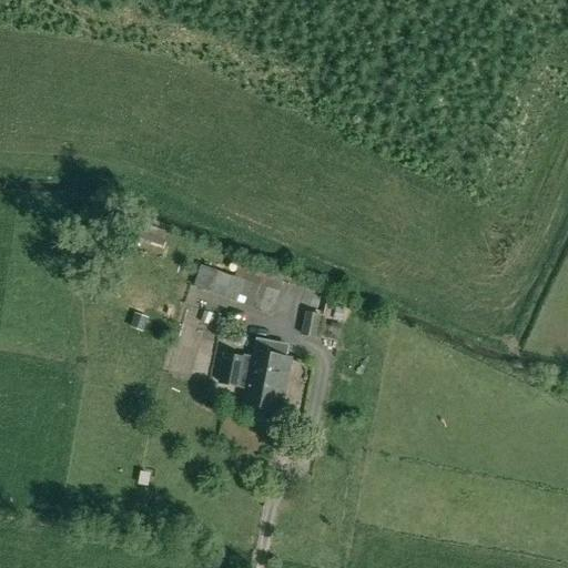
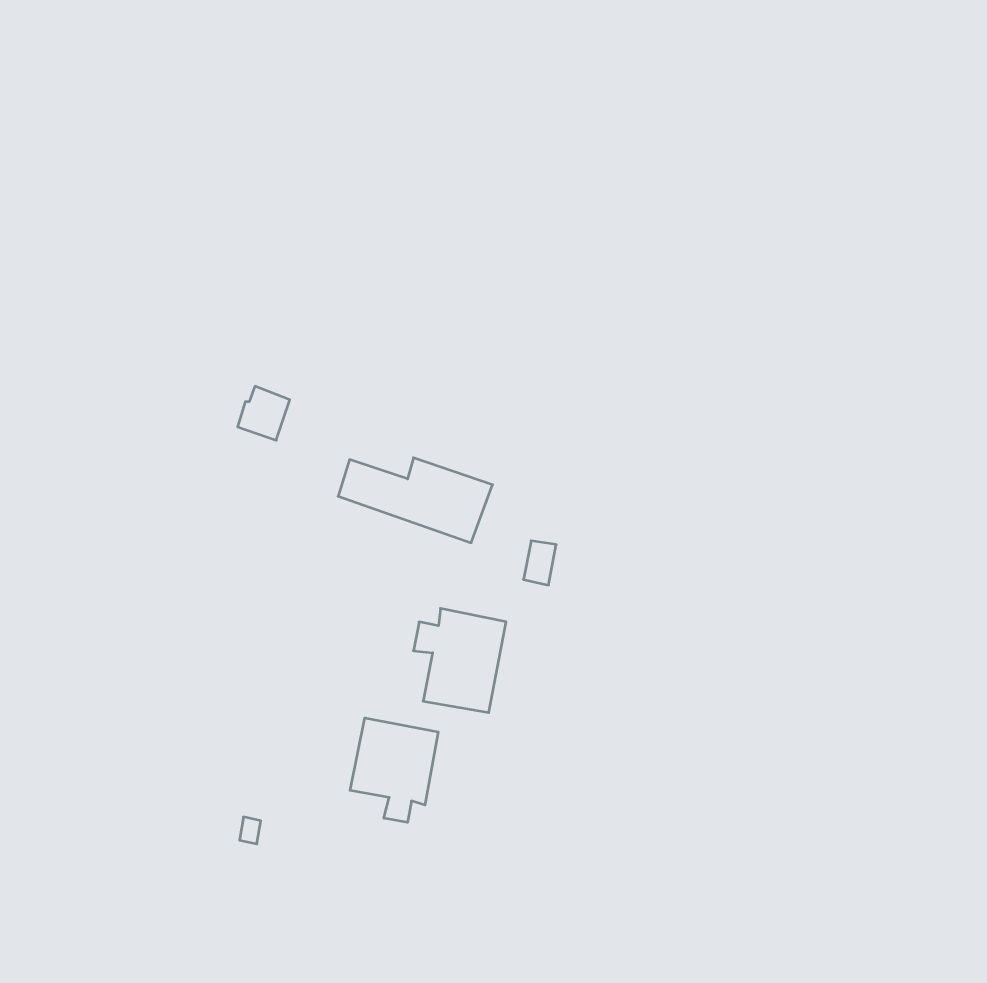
building: none -> [350,718,438,822]

